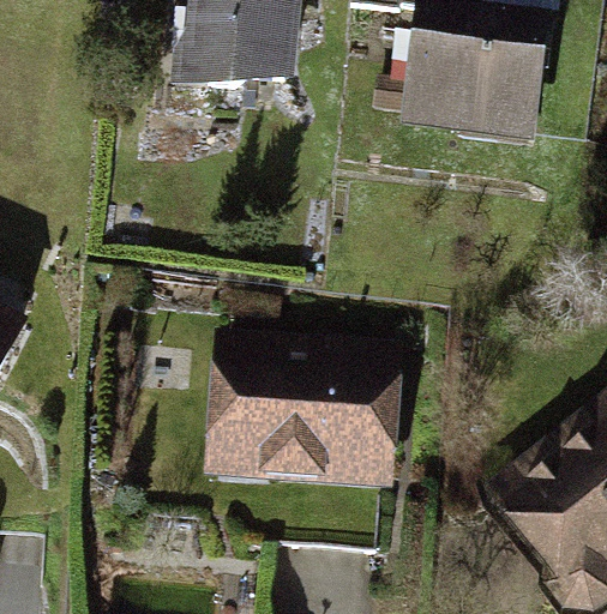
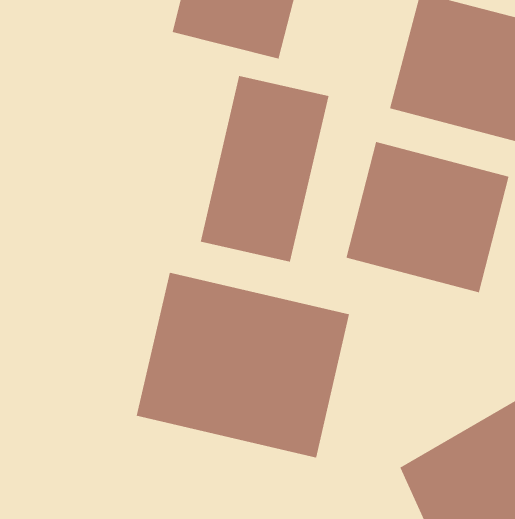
building: none -> [200,75,329,263]
building: none -> [346,141,509,293]

